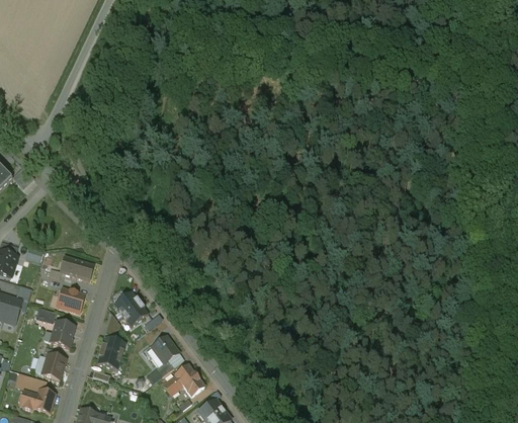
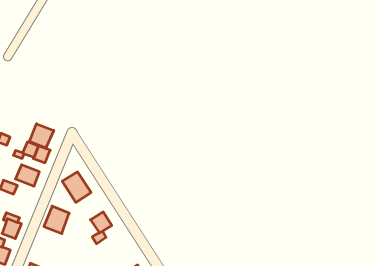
building: none -> [29,124,54,148]
building: [50,321,74,348] -> none
building: [162,365,203,397] -> none

